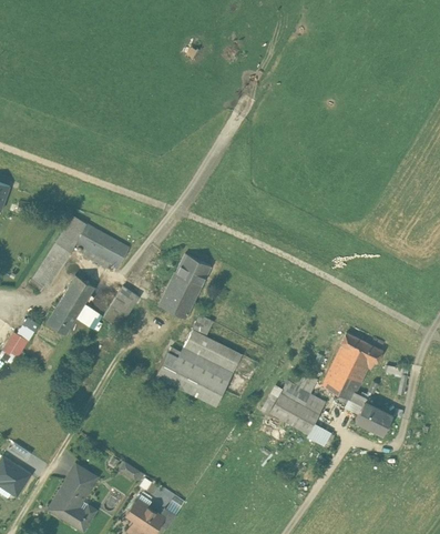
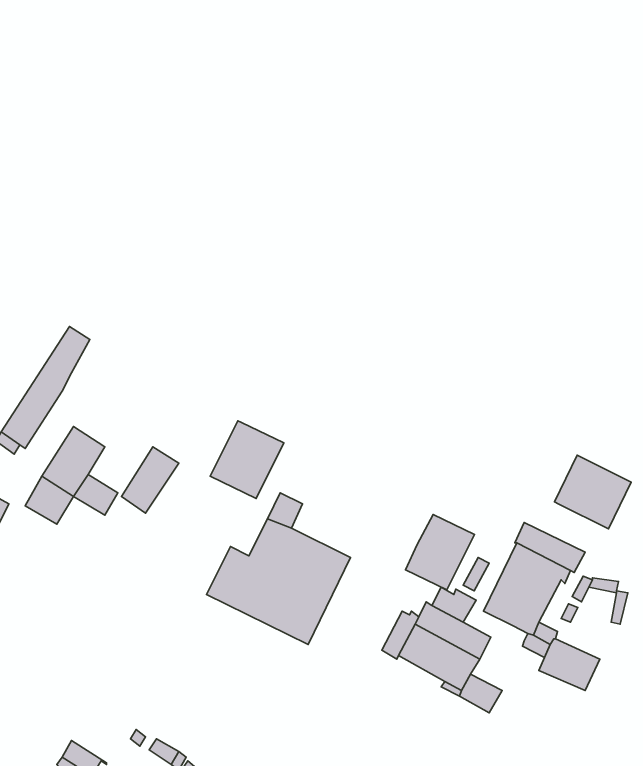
building: [75,223,130,272] -> none
building: [177,253,212,285] -> none
building: none -> [555,455,631,529]
building: none -> [405,514,474,590]

